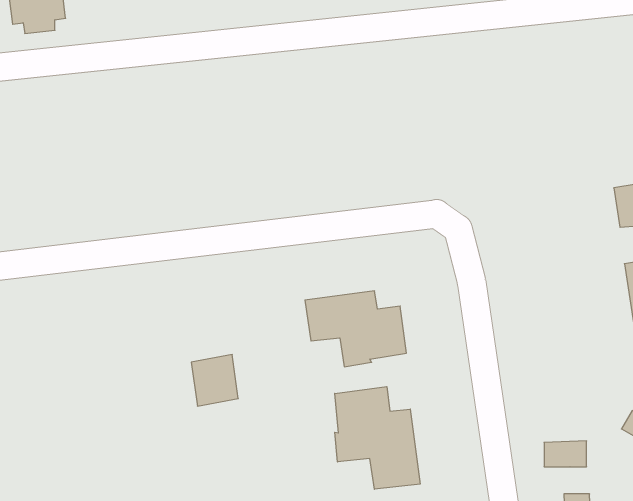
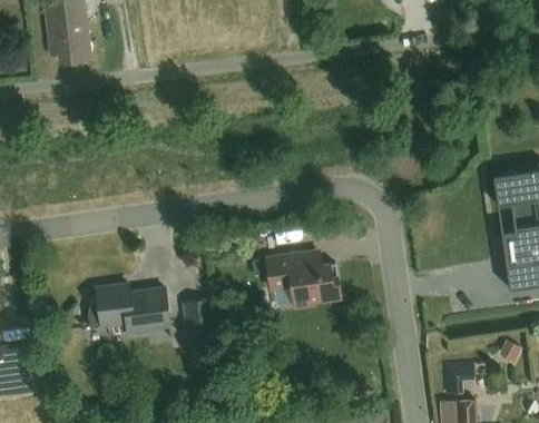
building: none -> [88,284,170,336]
building: [335,387,420,489] -> none

